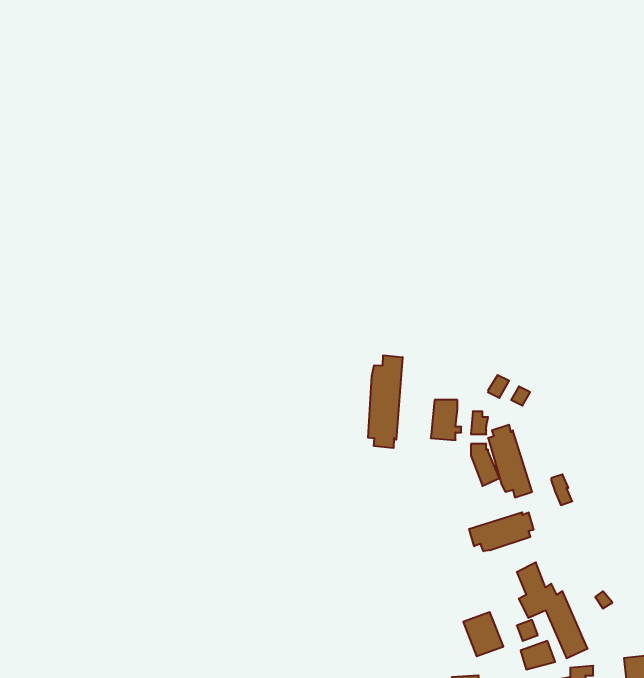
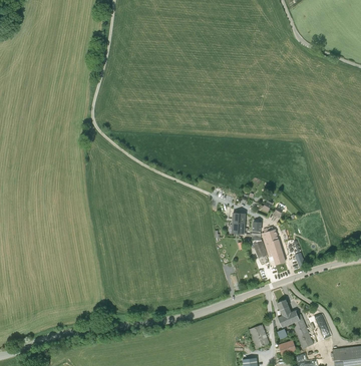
building: [368,355,403,448] -> none
building: [469,512,534,551] -> none

